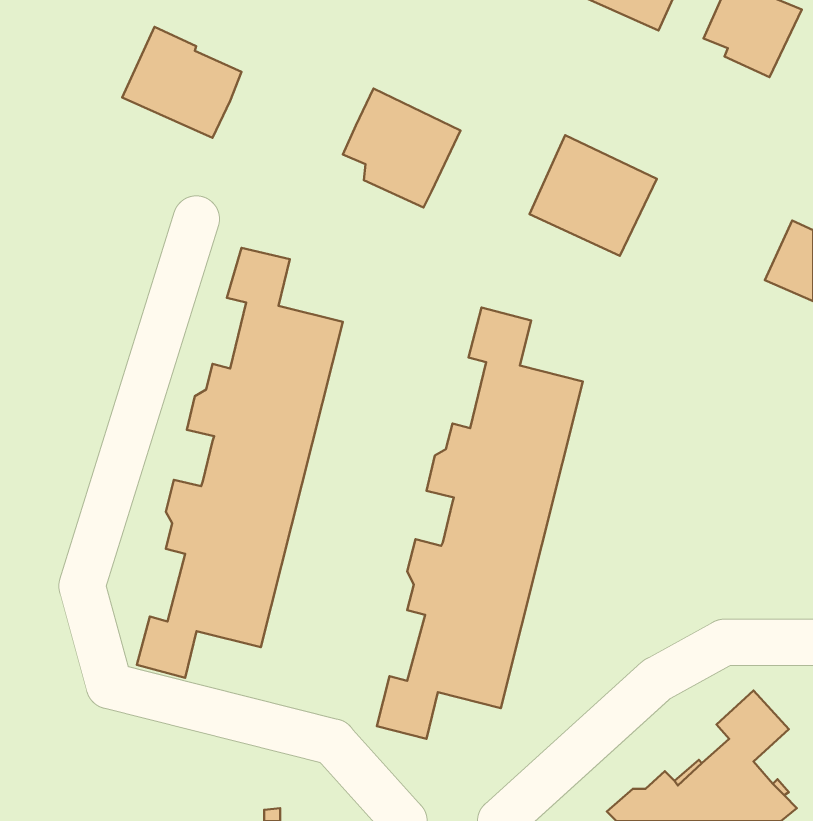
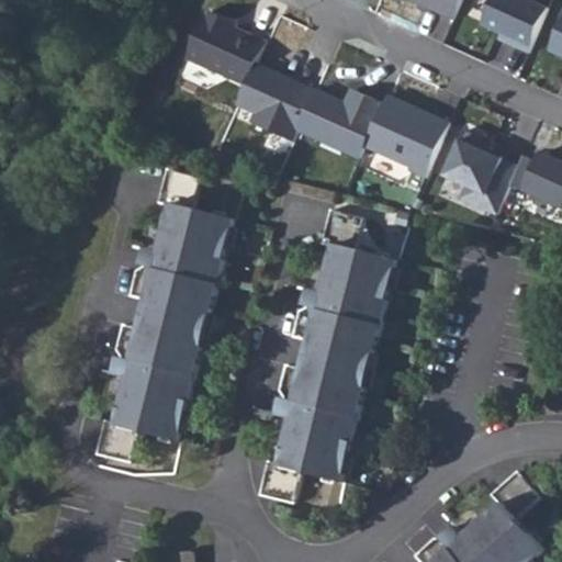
building: [122,27,241,138] -> [181,10,262,86]
building: none -> [294,87,381,159]
building: none -> [438,135,517,216]

